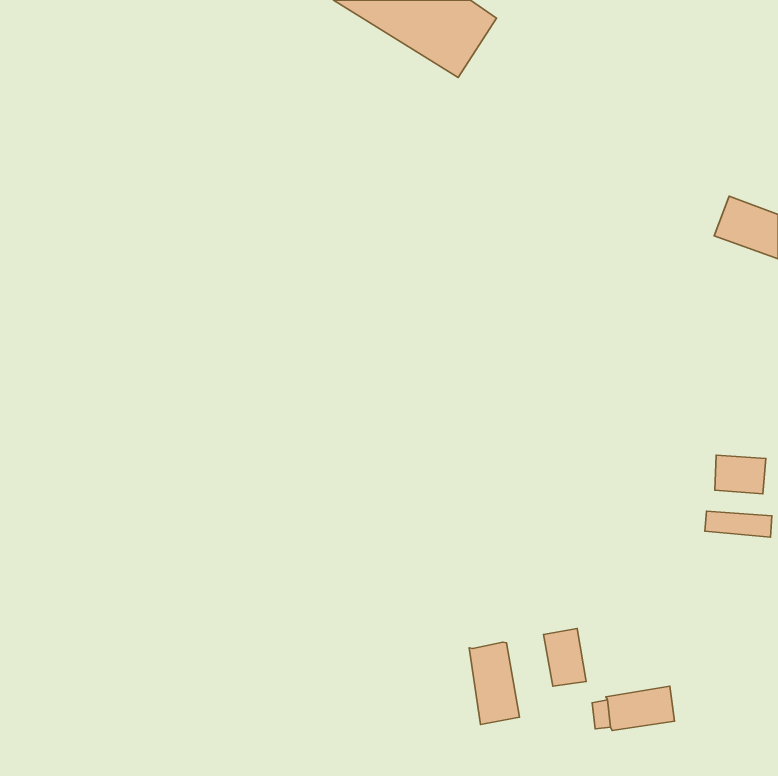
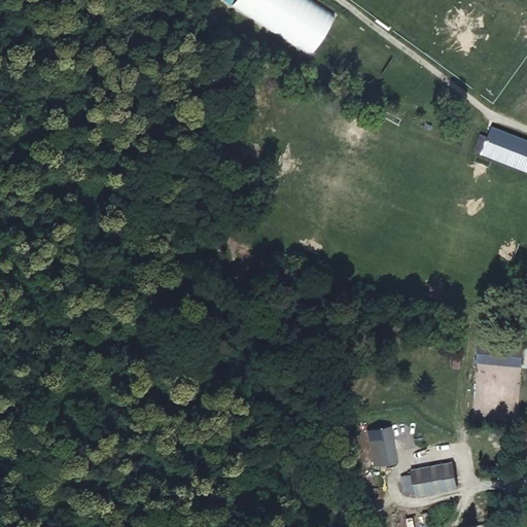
building: [715,455,766,494] -> none
building: [469,642,519,724] -> none

